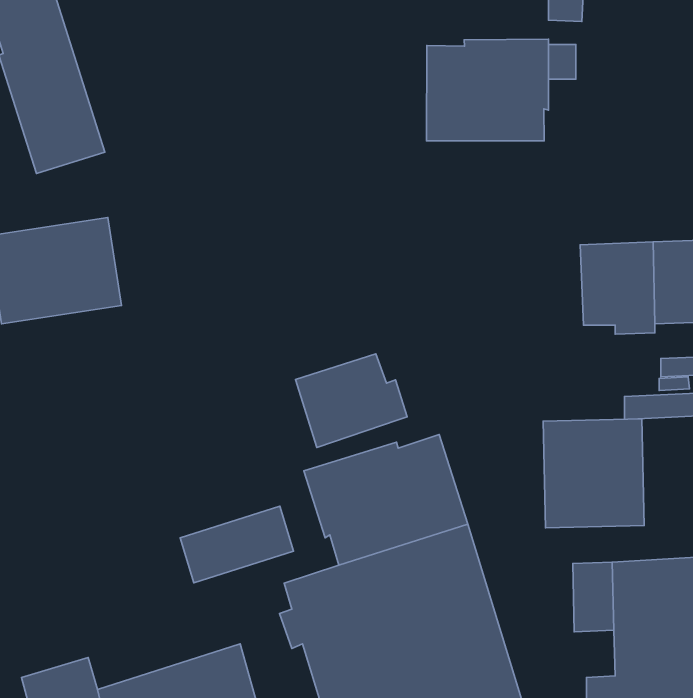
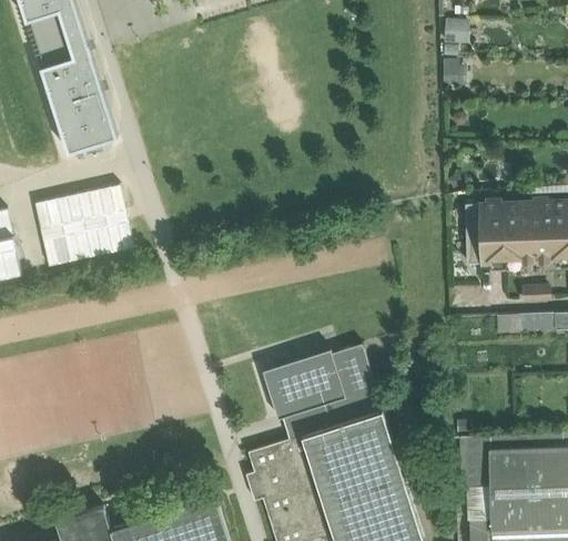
building: [427,39,548,141] -> none
building: [295,354,407,447] -> none
building: [543,419,644,528] -> none
building: [180,506,293,583] -> none

